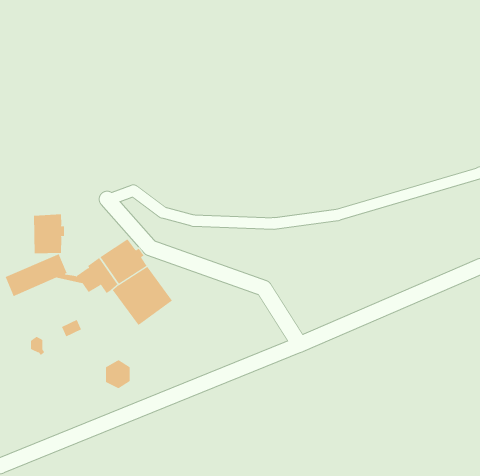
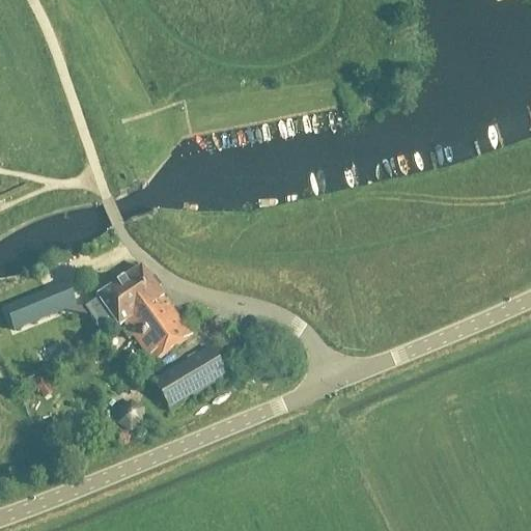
building: [33,214,65,254] -> none
building: none -> [152,344,227,407]

